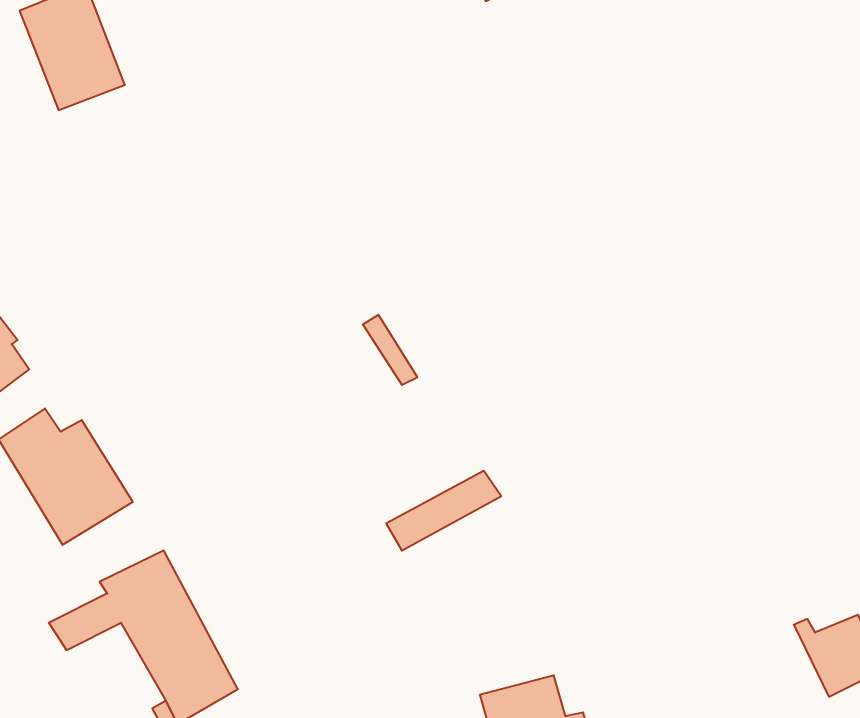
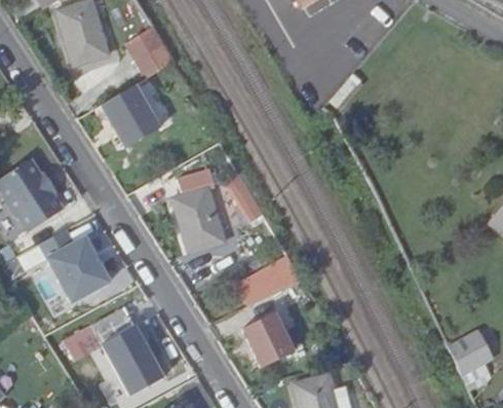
building: none -> [129,35,170,80]
building: none -> [105,88,163,150]
building: none -> [167,175,226,250]
building: none -> [245,307,294,360]

